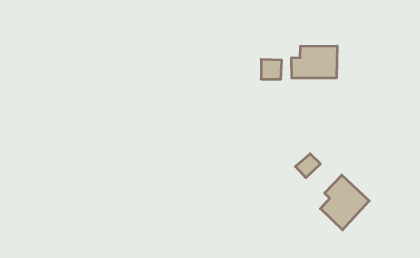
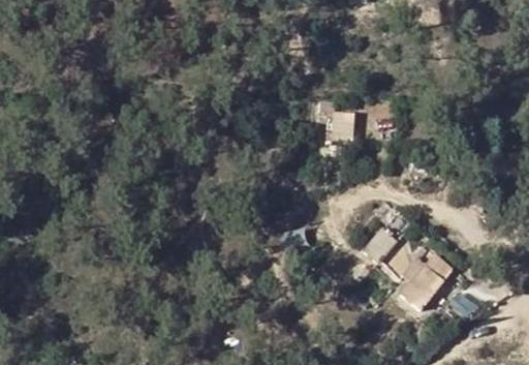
building: [292,46,337,78] -> none

